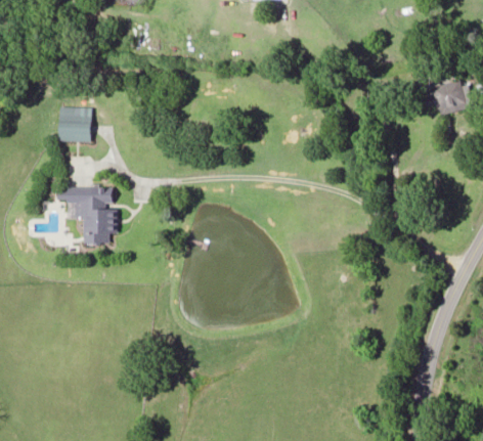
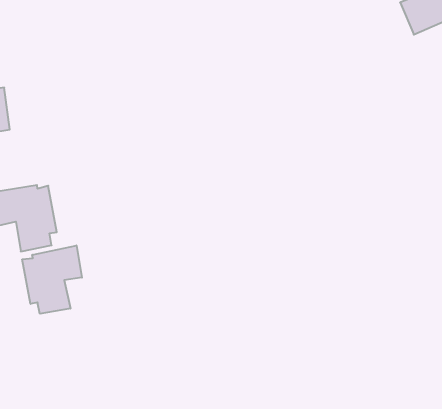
building: none -> [22,245,82,314]

